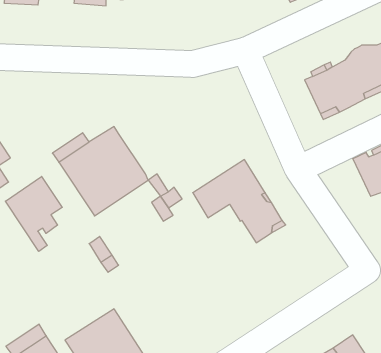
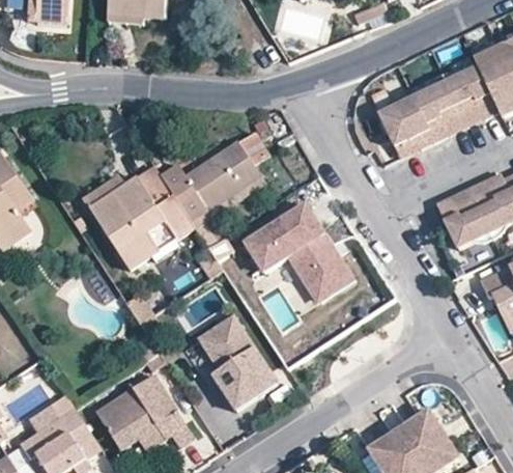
building: none -> [159,140,260,221]
building: [5,176,62,251] -> none
building: none -> [182,314,278,409]

